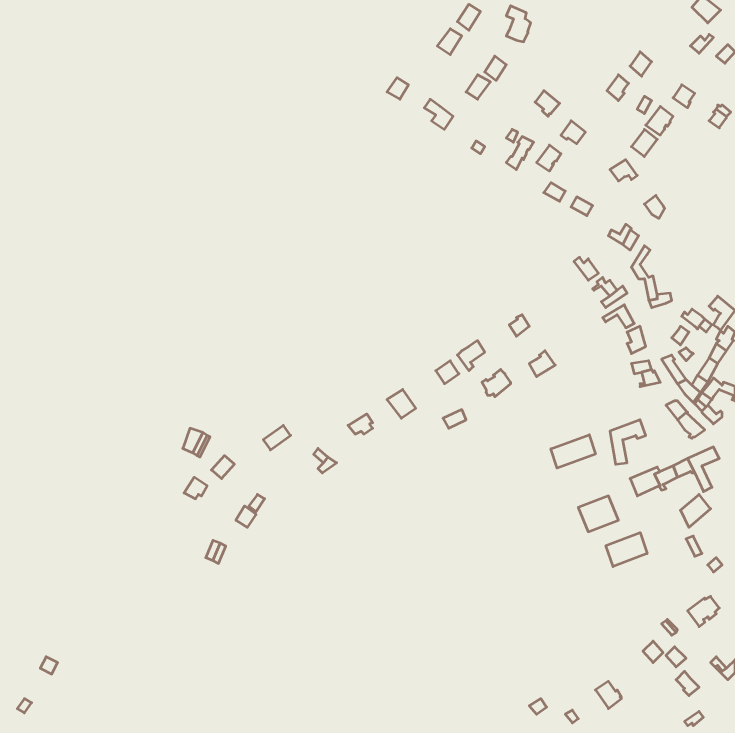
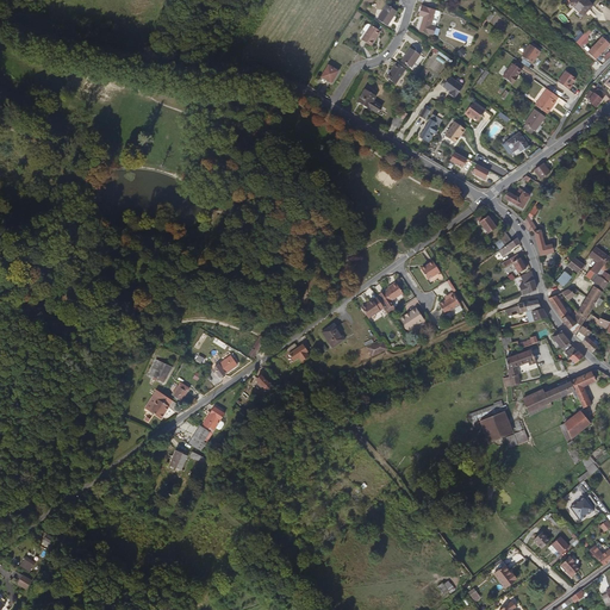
building: [551,435,595,468] -> none
building: [606,533,647,567] -> none

